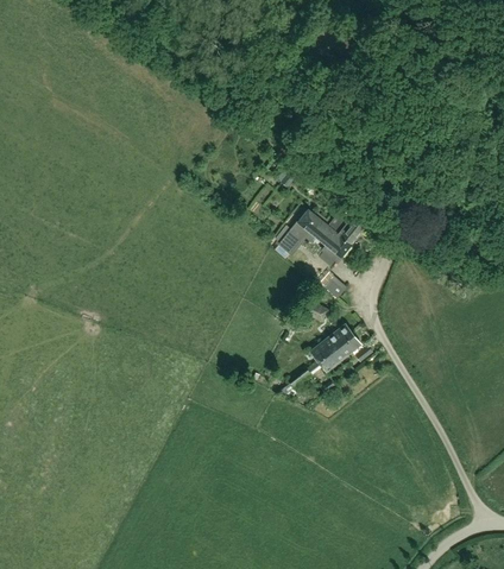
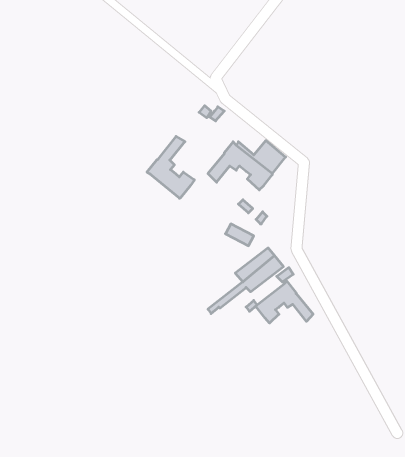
building: none -> [147,136,194,198]
building: none -> [256,281,313,323]

